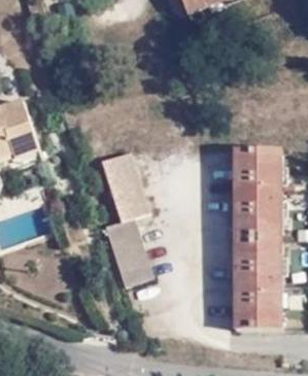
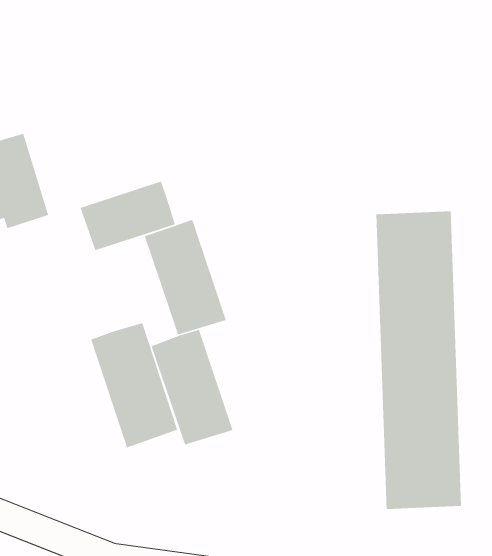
building: none -> [80,180,176,251]
building: none -> [90,322,178,449]

